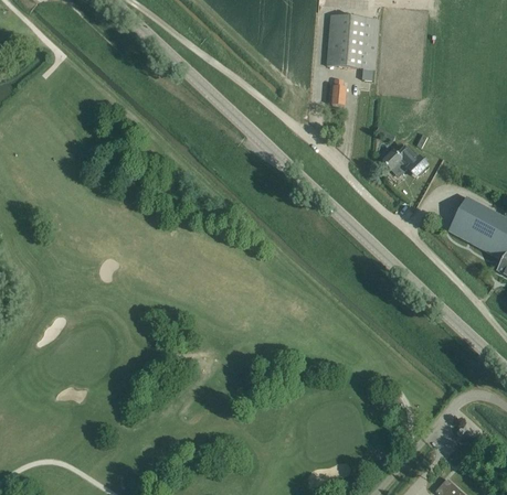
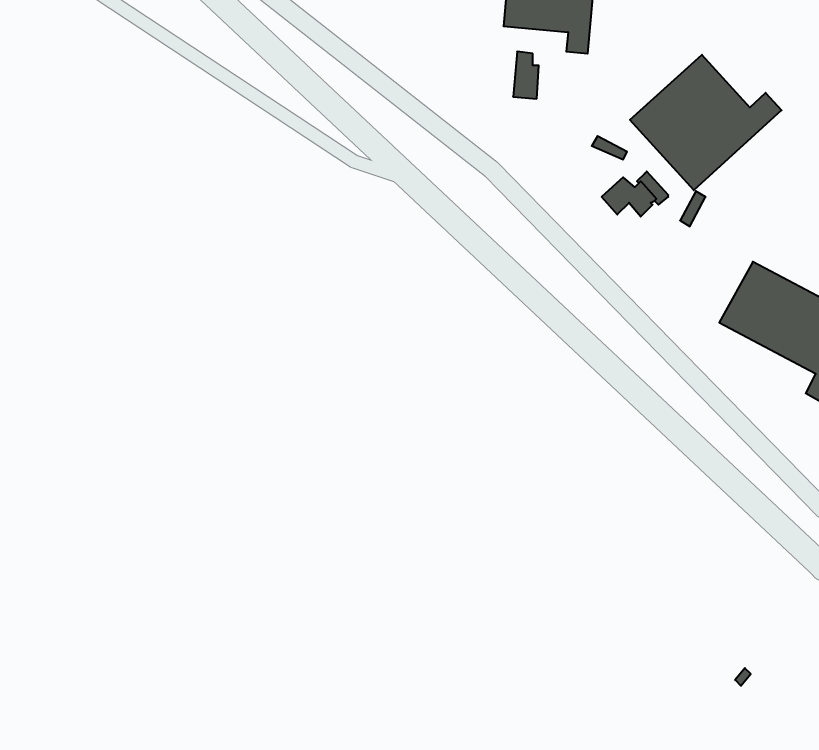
building: none -> [630,55,782,190]

